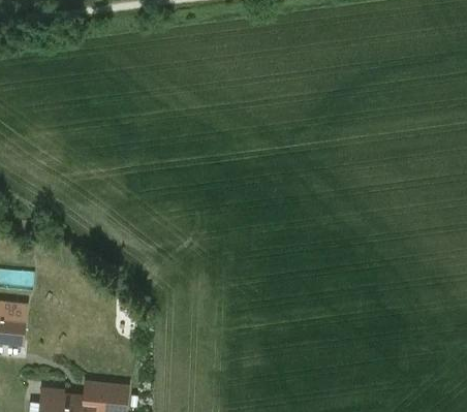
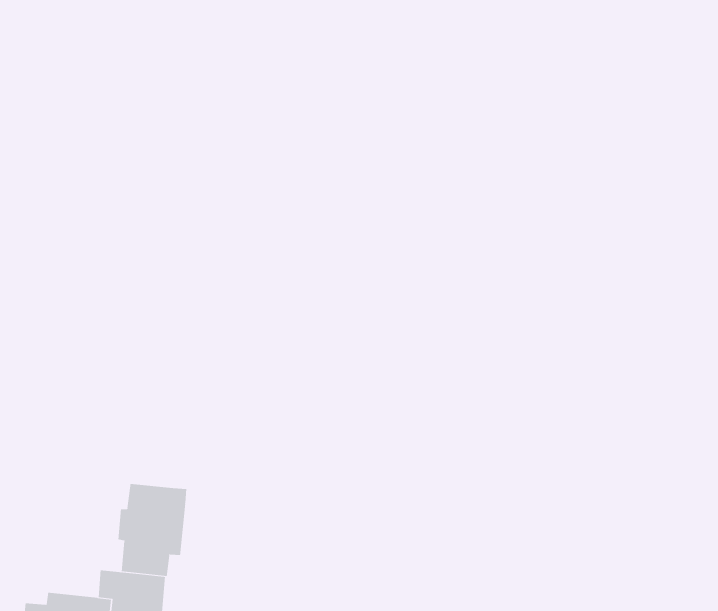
building: none -> [118,483,187,577]

